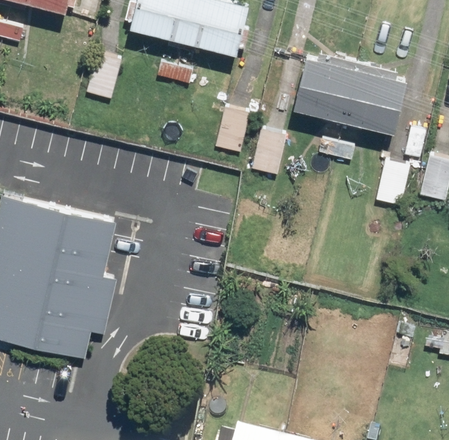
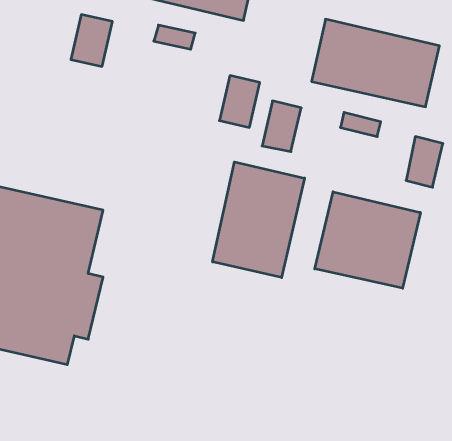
building: none -> [213,162,305,278]
building: none -> [315,192,420,288]

